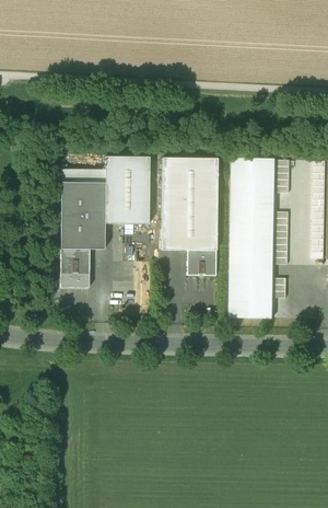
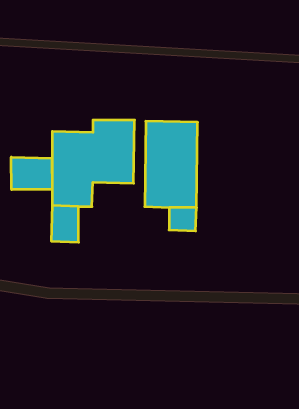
building: [227,159,274,318] -> none
building: none -> [11,157,52,190]

